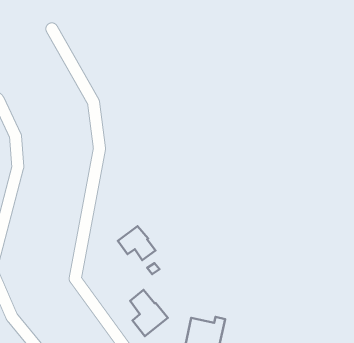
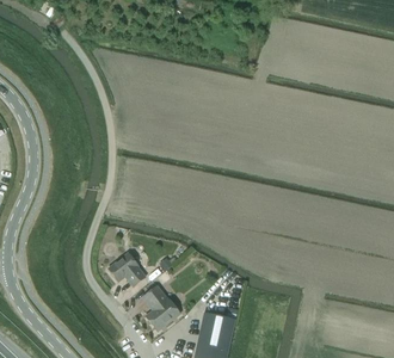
building: [118,226,156,260] -> [109,253,146,286]

